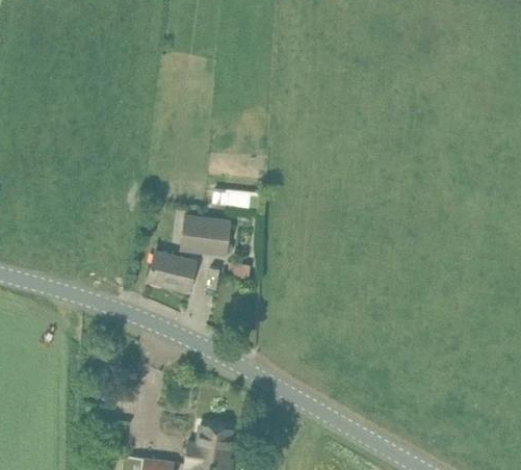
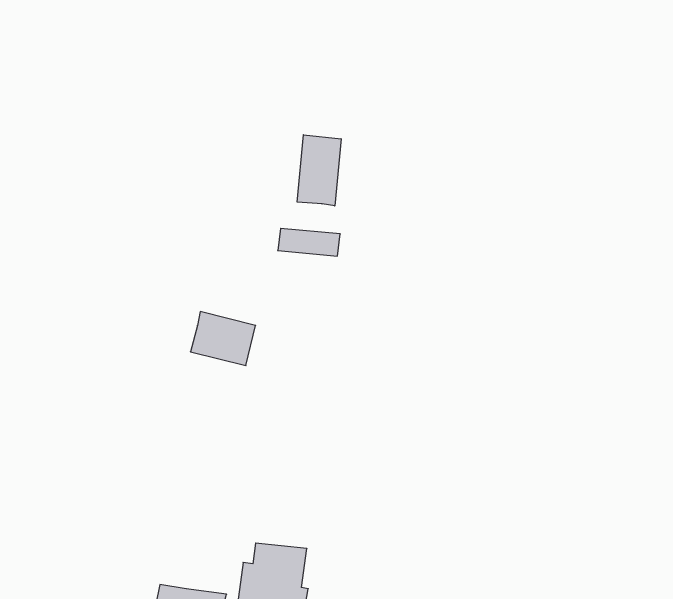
building: none -> [297,135,341,206]
building: [183,215,233,256] -> none

